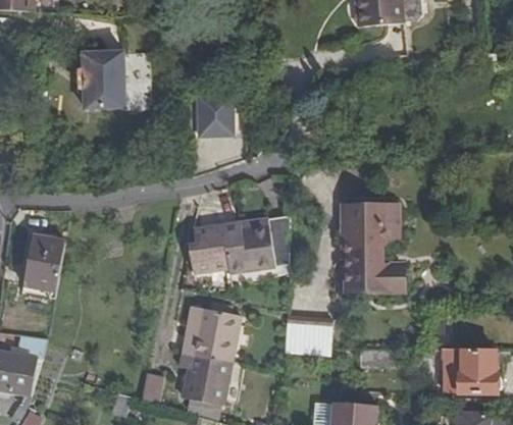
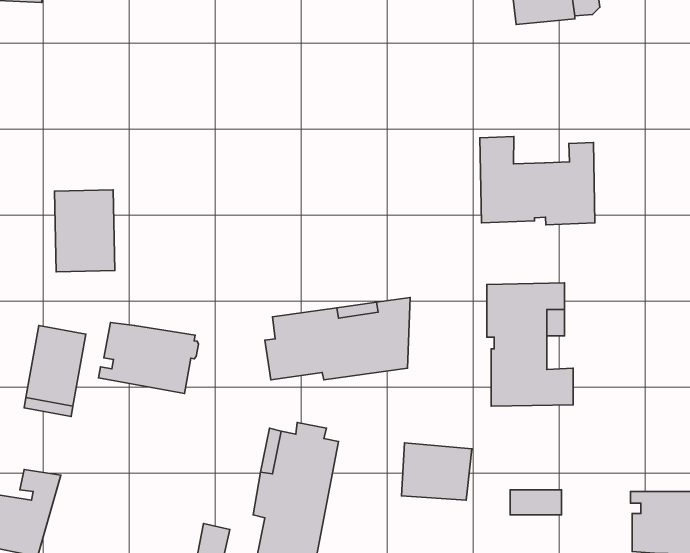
building: [83,50,124,107] -> [55,190,115,272]
building: [198,93,234,135] -> none
building: none -> [480,137,595,225]
building: none -> [99,323,198,393]

